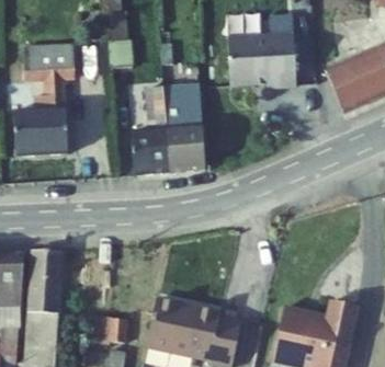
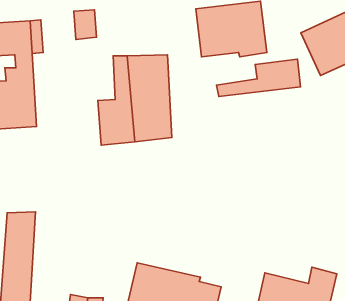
building: none -> [216,59,300,97]

